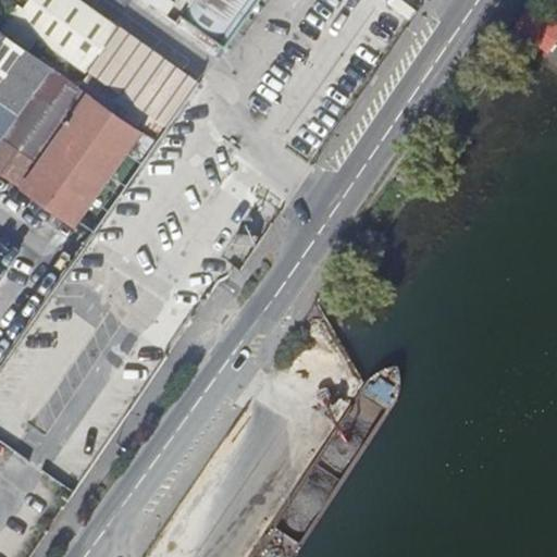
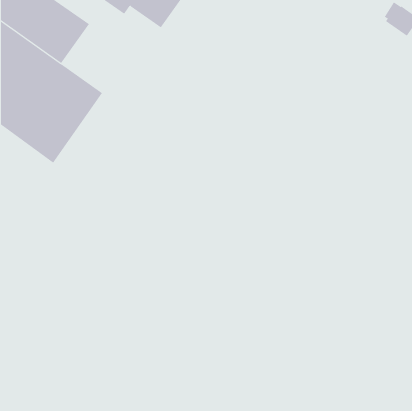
building: [85,33,201,141] -> none

